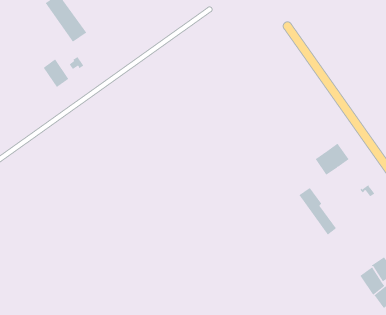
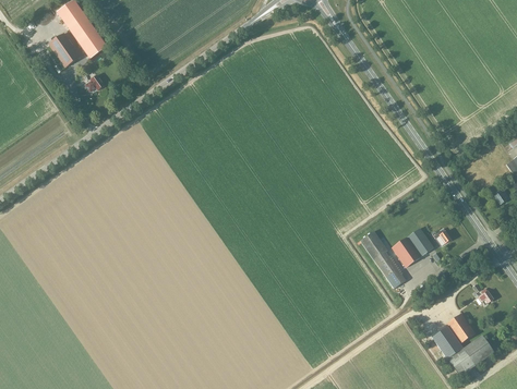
building: [43,59,69,88] -> [48,32,80,66]
building: [315,143,350,176] -> [392,227,433,266]

